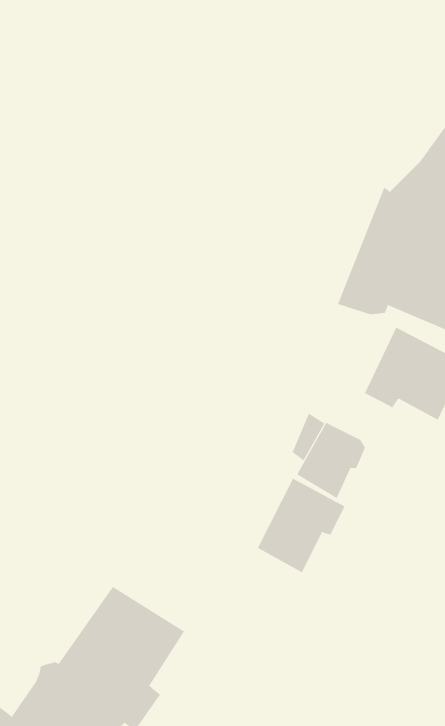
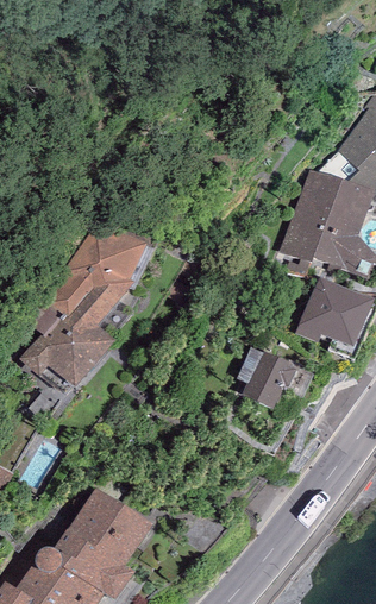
building: none -> [19,221,148,394]
building: [257,478,345,573] -> none

